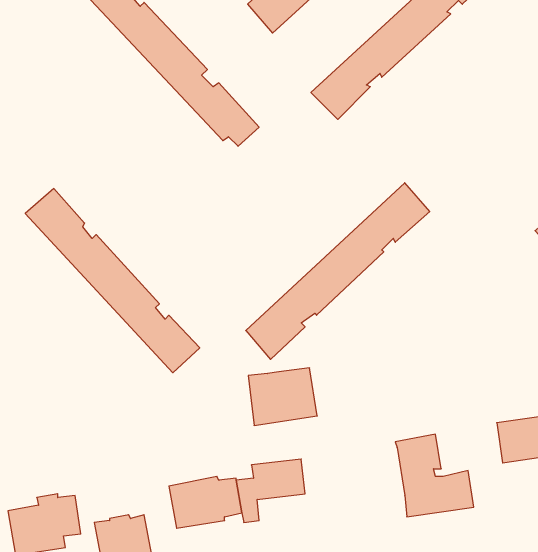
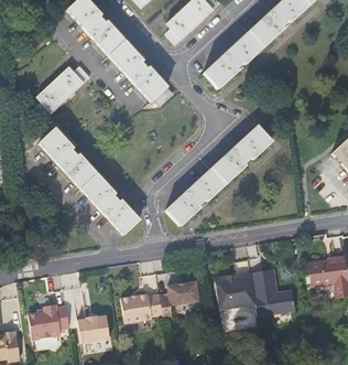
building: none -> [34,65,90,118]
building: [248,368,317,425] -> [217,277,257,310]

